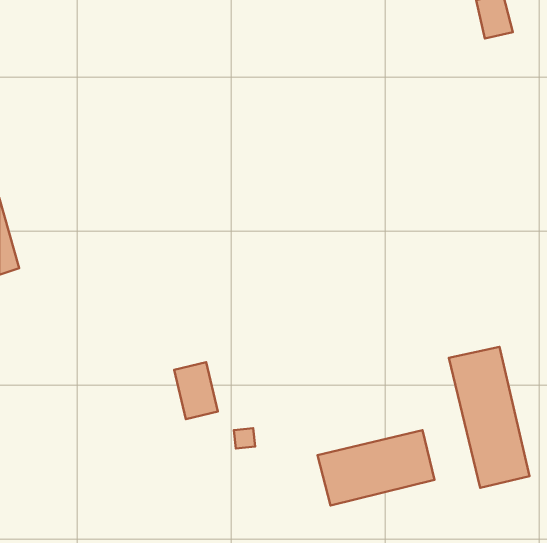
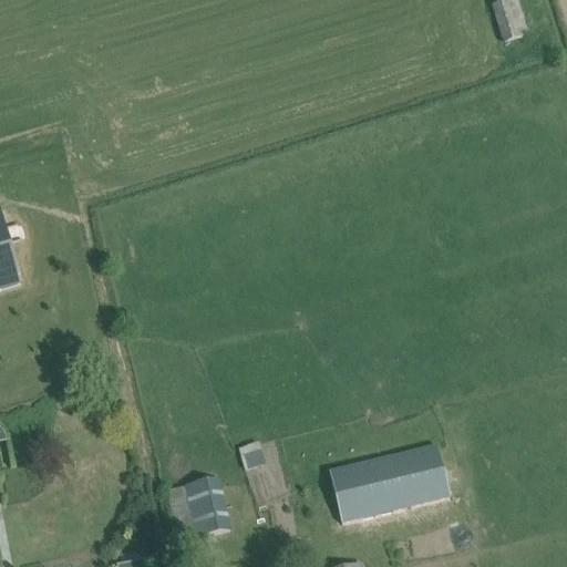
building: [449,347,529,488] -> none
building: [174,362,218,419] -> [184,476,229,535]

